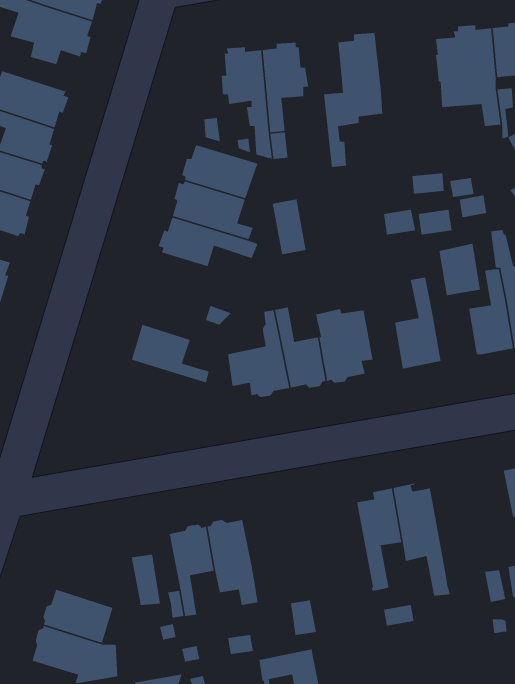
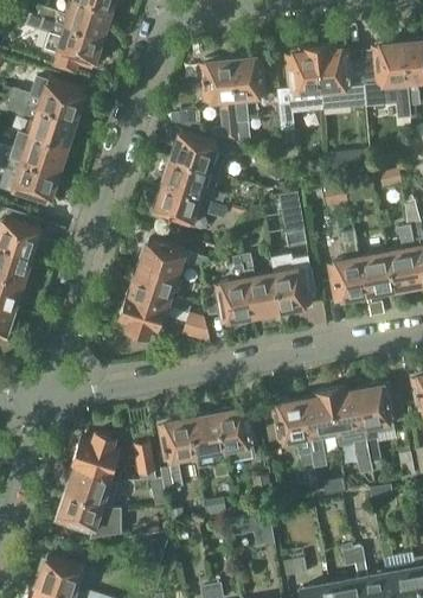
building: none -> [316,45,366,109]
building: [272,198,307,255] -> [278,191,305,234]
building: [438,243,481,296] -> [360,255,392,295]
building: none -> [141,240,186,279]
building: none -> [118,293,211,344]
building: none -> [358,383,396,463]
building: none -> [274,401,314,467]
building: none -> [217,409,256,463]
building: none -> [71,432,124,481]

